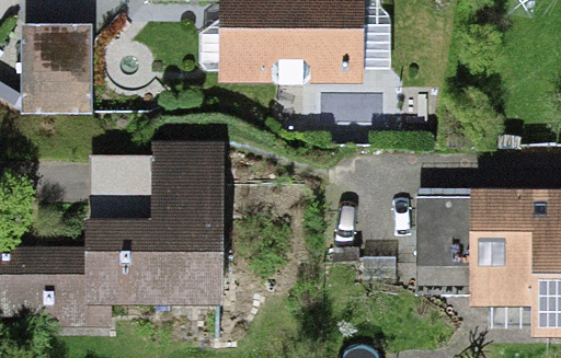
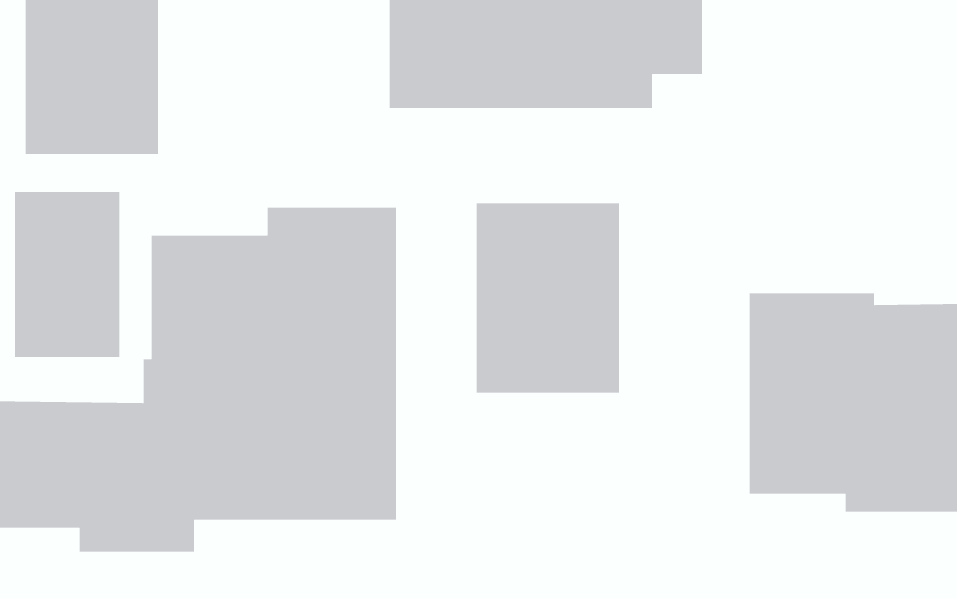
building: none -> [14,191,120,358]
building: none -> [476,202,620,393]

